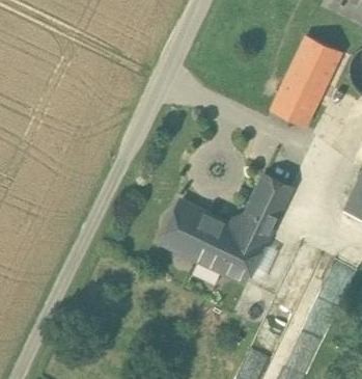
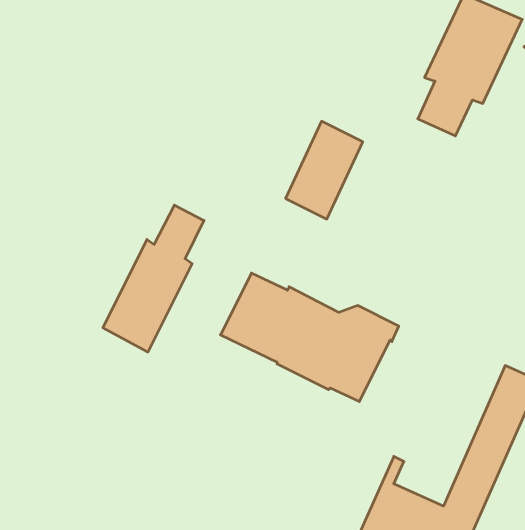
building: none -> [103,205,204,352]
building: [244,177,290,236] -> [286,121,363,219]

